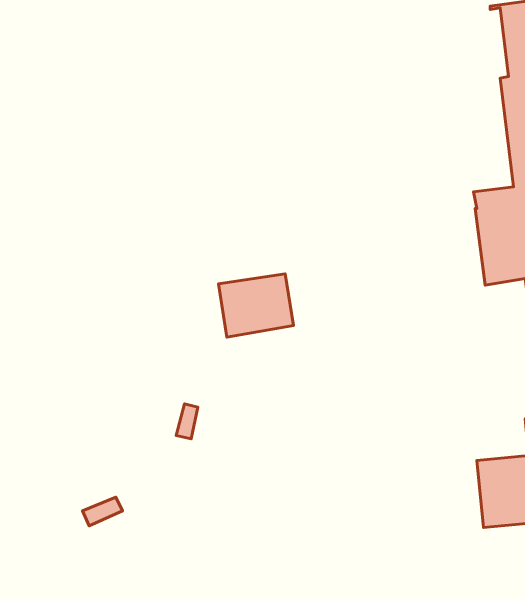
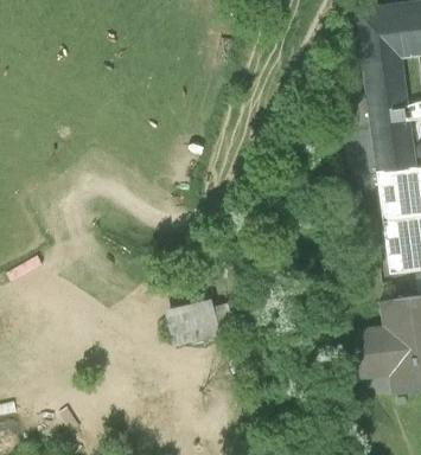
building: [218,274,294,337] -> [166,293,219,338]

